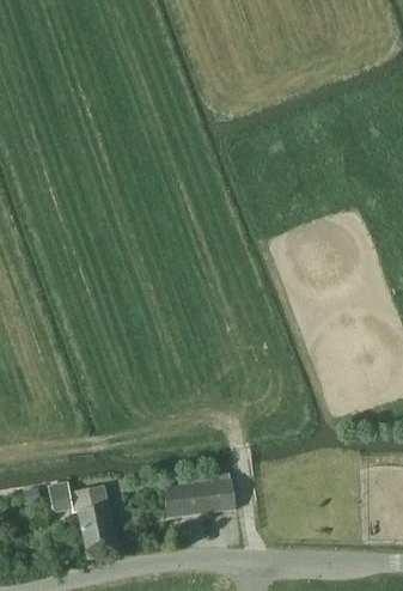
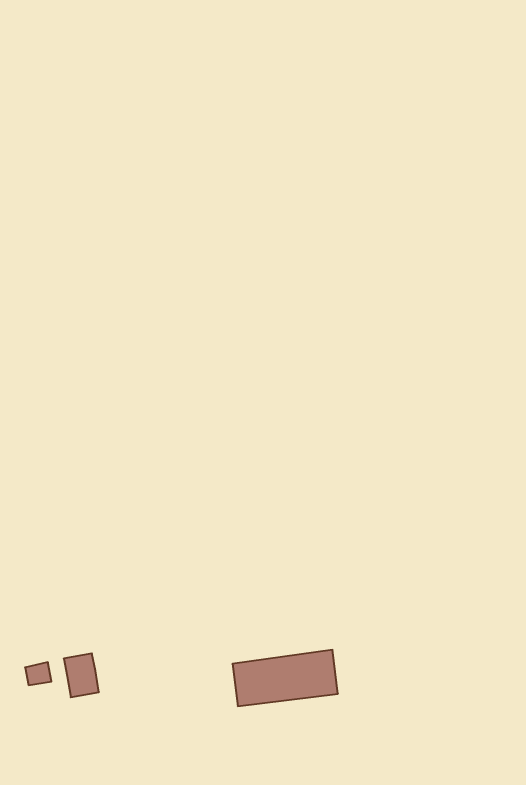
building: [77,483,116,547] -> none

